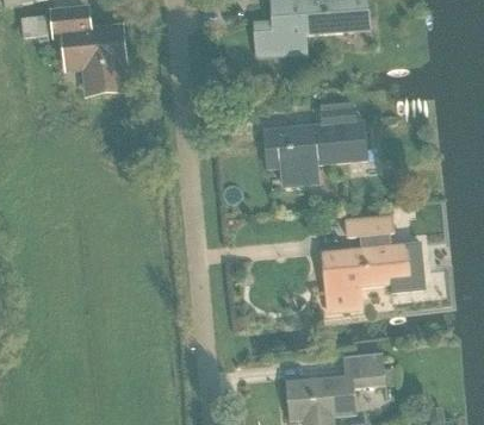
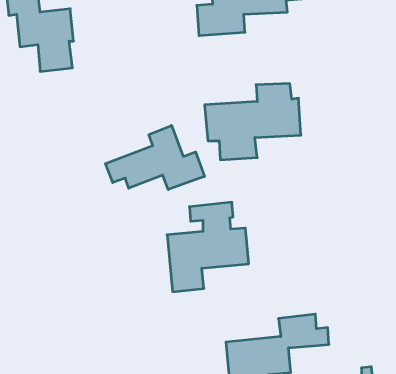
building: none -> [105,125,204,190]
building: [322,217,409,312] -> [167,202,249,292]

